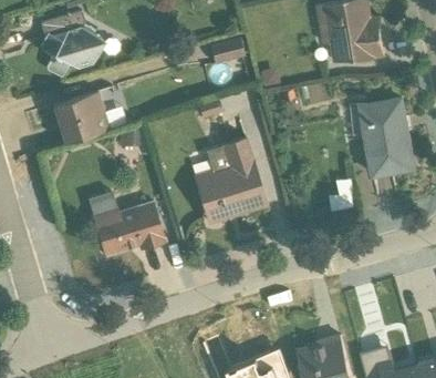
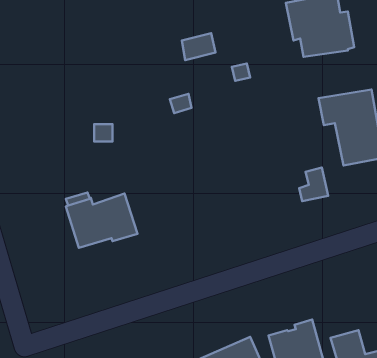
building: [39,13,104,79] -> none
building: [50,92,125,144] -> none
building: [193,137,264,223] -> none

